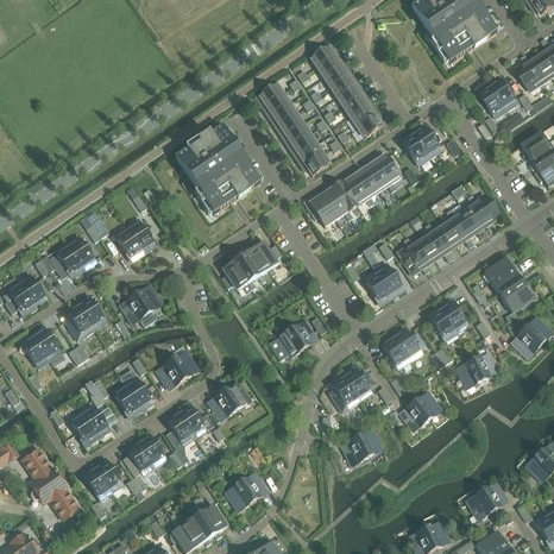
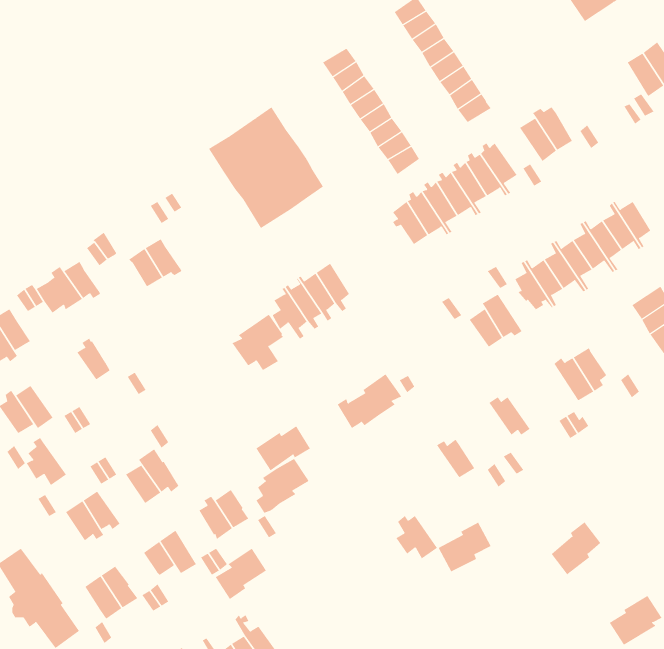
building: [121,284,159,326] -> [232,314,284,371]
building: [65,301,95,336] -> [26,437,67,486]
building: [394,328,424,360] -> none
building: [157,353,197,386] -> [256,426,311,471]
building: [457,355,497,385] -> none
building: [329,376,360,408] -> [396,515,438,559]
building: [402,391,439,430] -> [551,522,601,575]
building: [227,472,265,510] -> [215,548,267,600]

